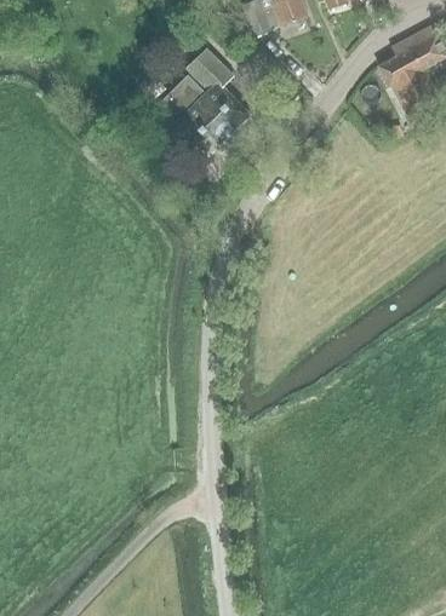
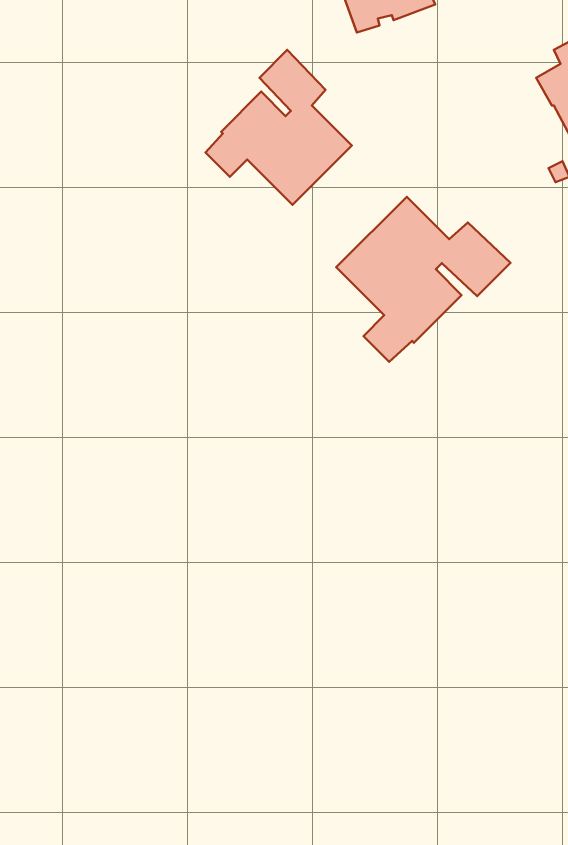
building: none -> [336,197,510,362]

